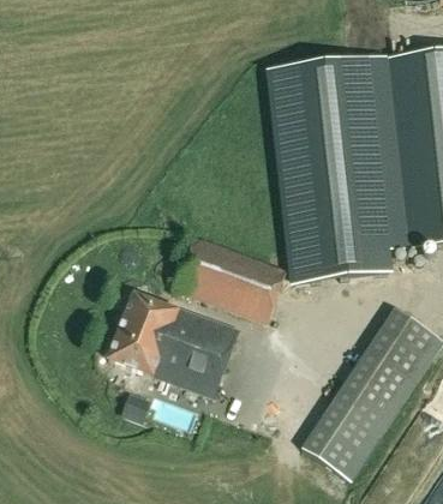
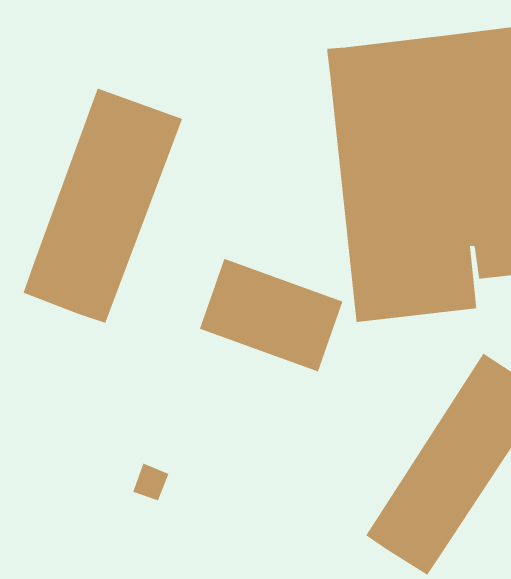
building: none -> [22,87,183,324]
building: [107,290,234,395] -> none

